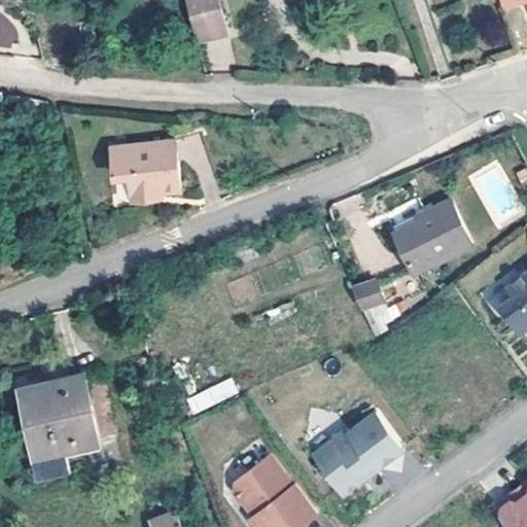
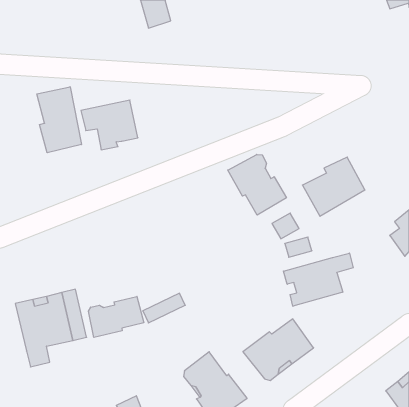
building: none -> [37,87,81,153]
building: none -> [228,154,286,215]
building: none -> [283,253,353,306]
building: none -> [89,296,144,337]

